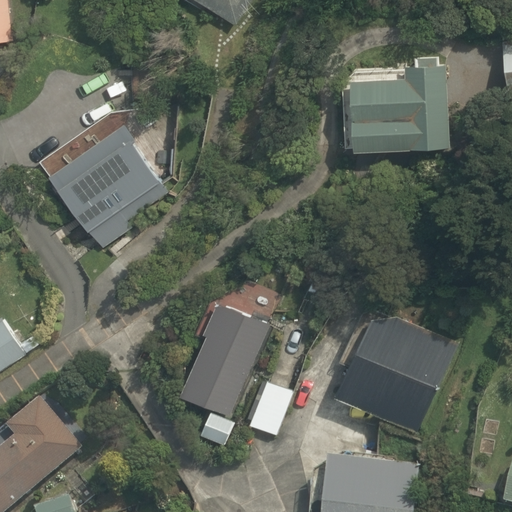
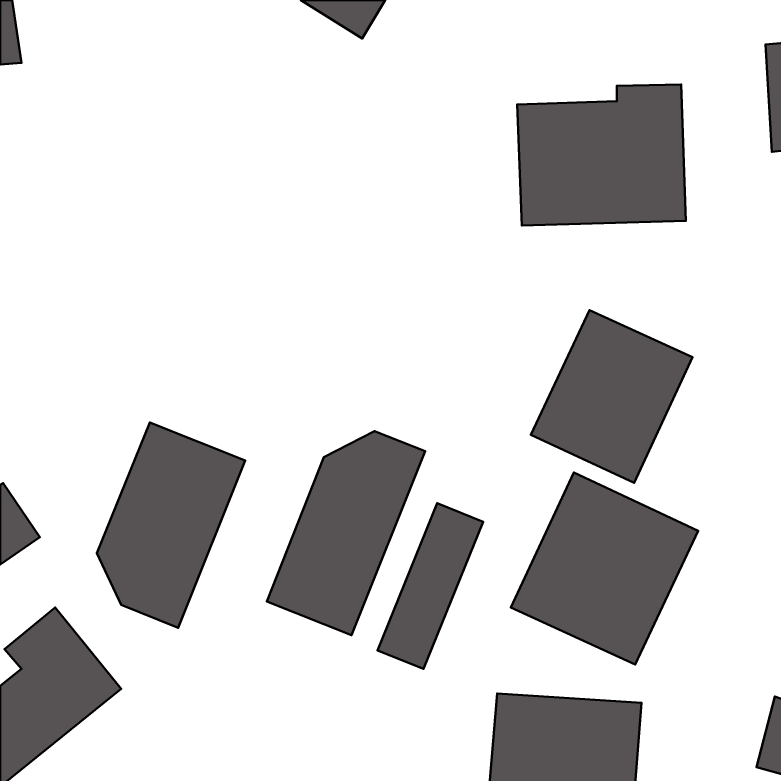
building: [47,125,165,252] -> none
building: none -> [531,310,692,483]
building: none -> [97,423,245,628]

